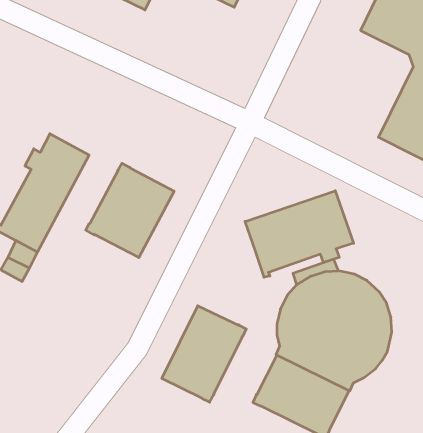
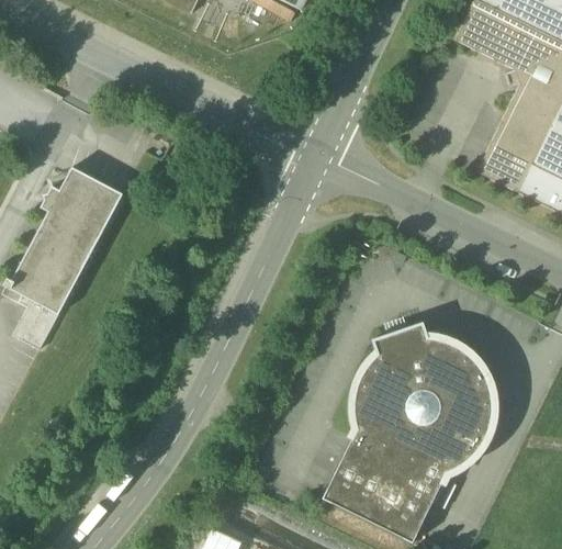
building: [86,163,174,258] -> none
building: [245,191,354,277] -> none
building: [162,306,246,402] -> none

